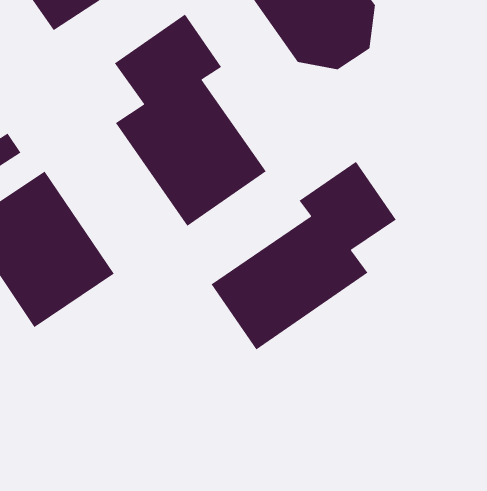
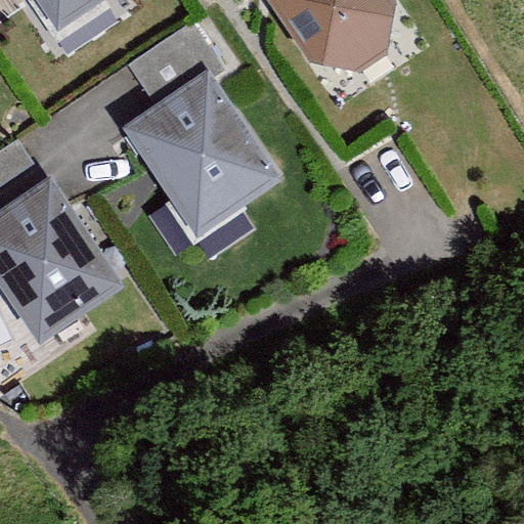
building: [211,161,397,350] -> none

